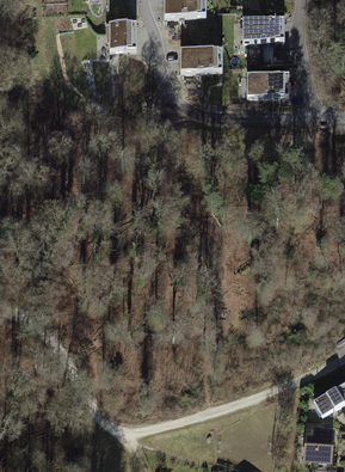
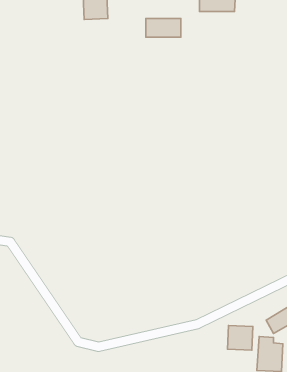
building: [242,75,284,97] -> none
building: none -> [227,325,253,350]

